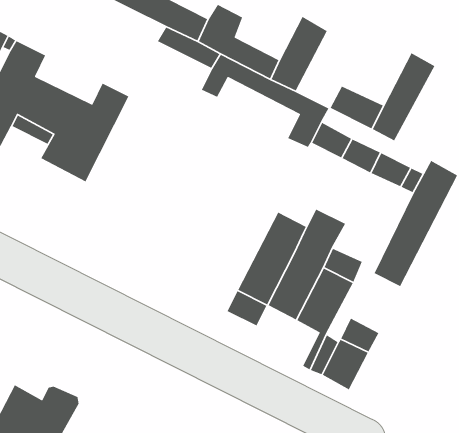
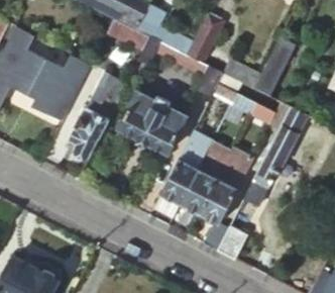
building: none -> [69,74,126,155]
building: none -> [119,91,187,152]

